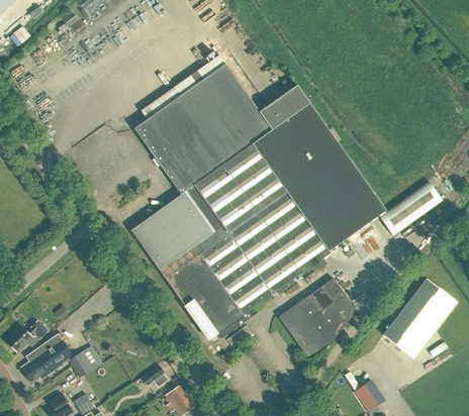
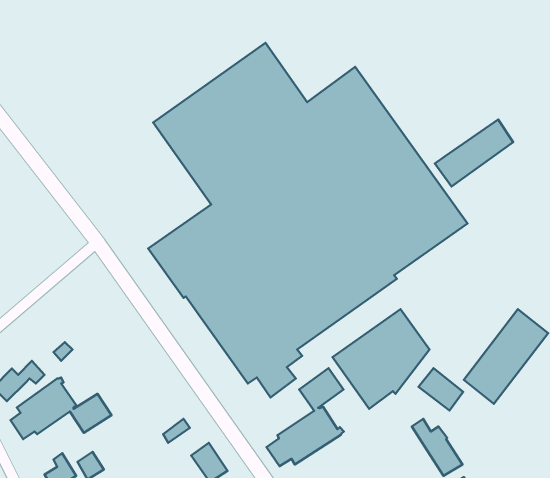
building: [379,182,442,235] -> [435,119,513,186]
building: none -> [266,368,344,466]
building: none -> [419,368,463,411]

